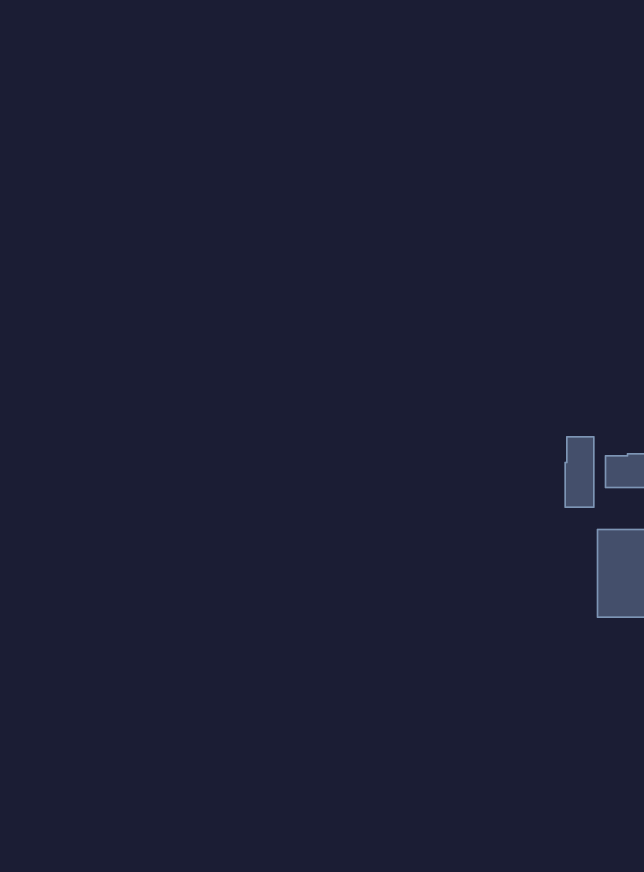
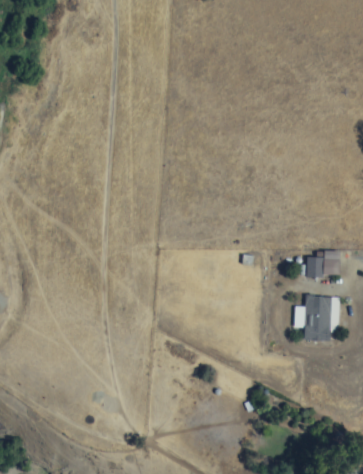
building: [565,437,594,507] -> none

